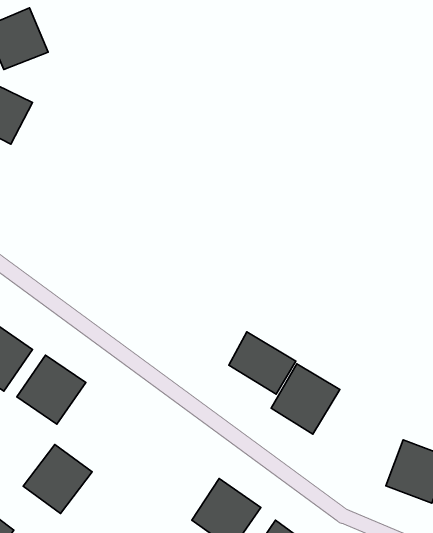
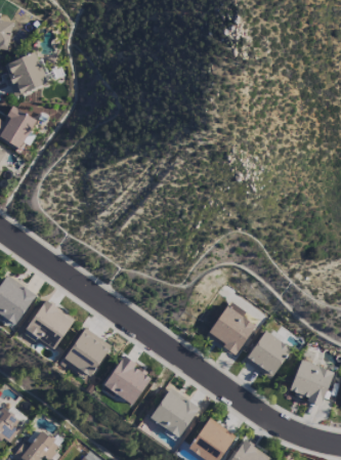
building: [229,332,296,394] -> none
building: none -> [245,331,291,379]
building: none -> [103,357,154,406]
building: [23,445,92,514] -> [63,328,113,377]

